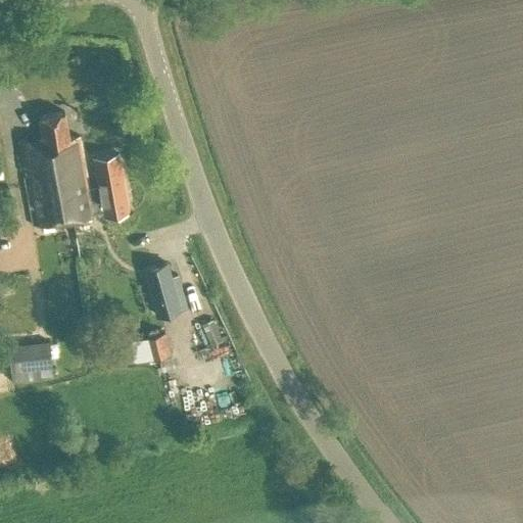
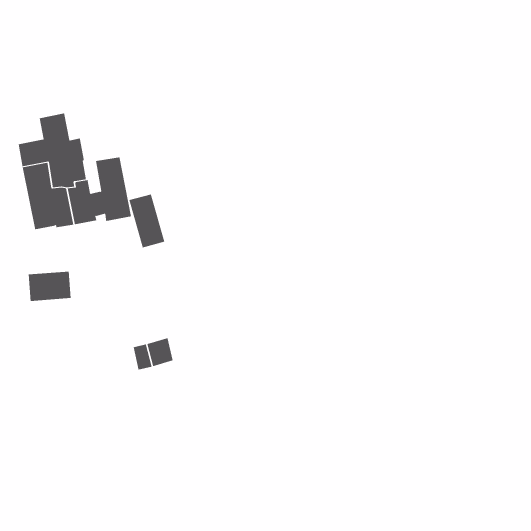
building: [148,265,184,318] -> [129,194,165,248]
building: [10,343,53,373] -> [28,271,72,301]

